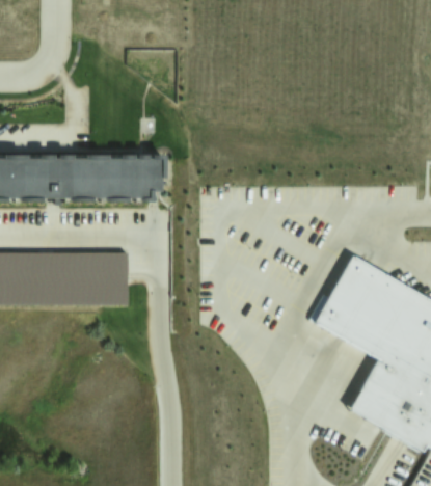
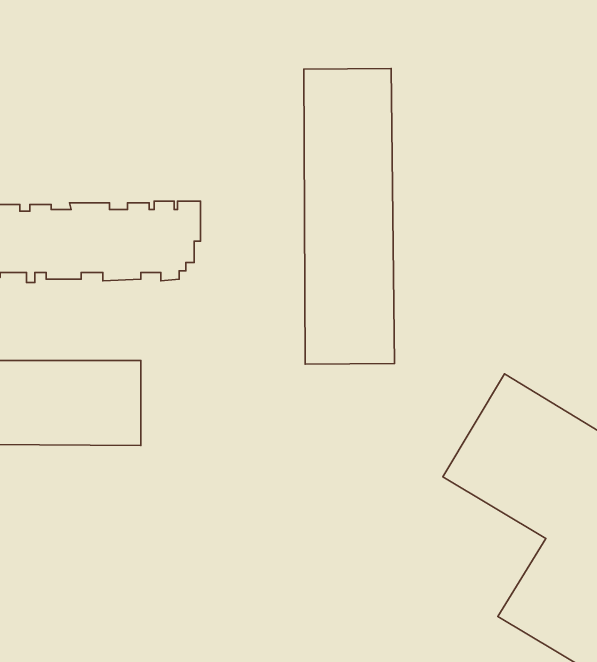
building: none -> [304,69,395,364]

